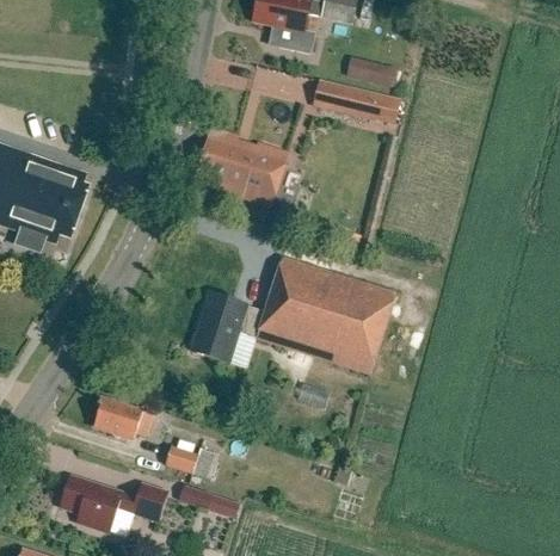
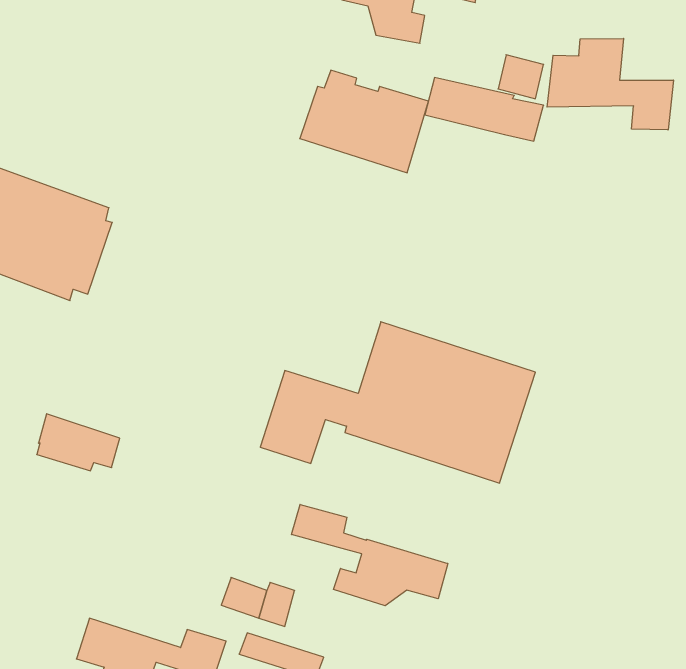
building: none -> [547,38,673,130]
building: [192,129,287,204] -> [300,70,428,173]
building: none -> [292,504,448,606]
building: [91,395,152,437] -> [37,414,120,471]

